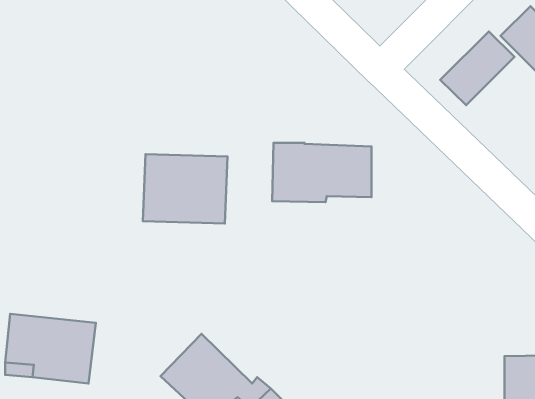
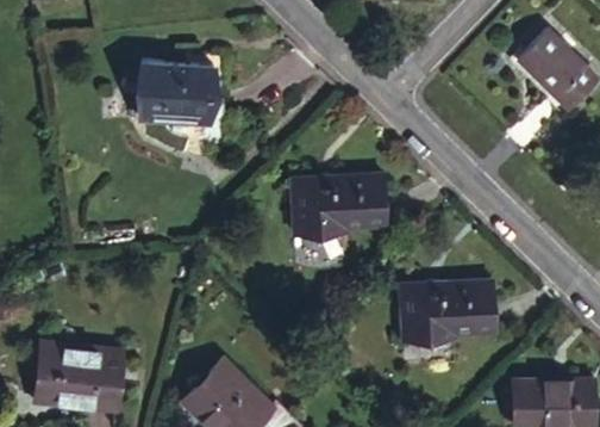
building: [440,32,515,105] -> none
building: [143,154,227,224] -> [143,64,224,131]
building: none -> [401,279,496,338]

